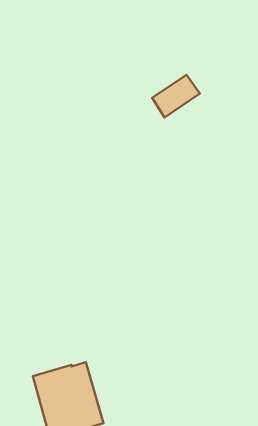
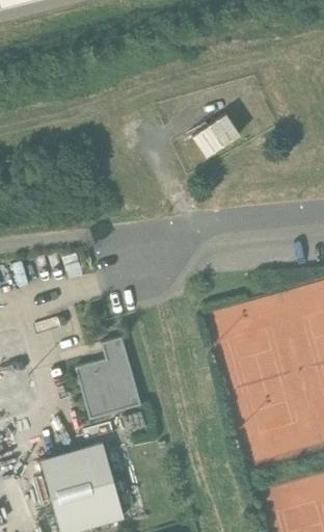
building: none -> [75,339,141,421]

